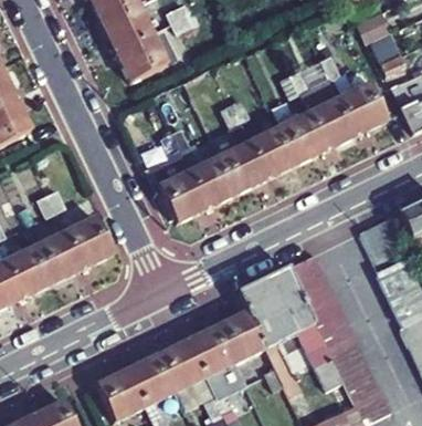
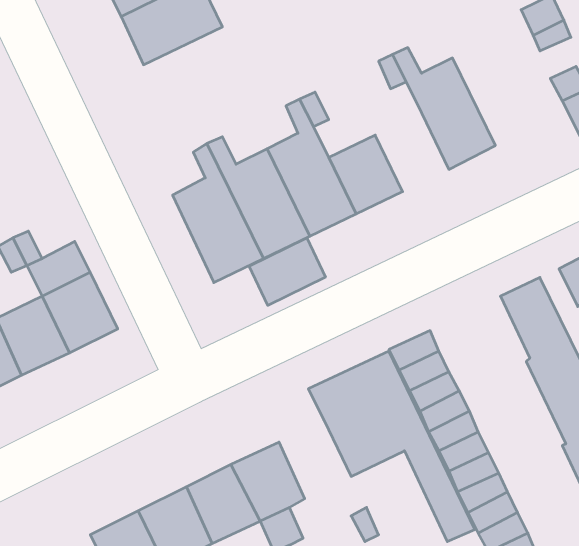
building: [320,55,388,134] -> none
building: [279,113,327,164] -> none
building: none -> [249,238,325,305]
building: [218,311,264,362] -> none

